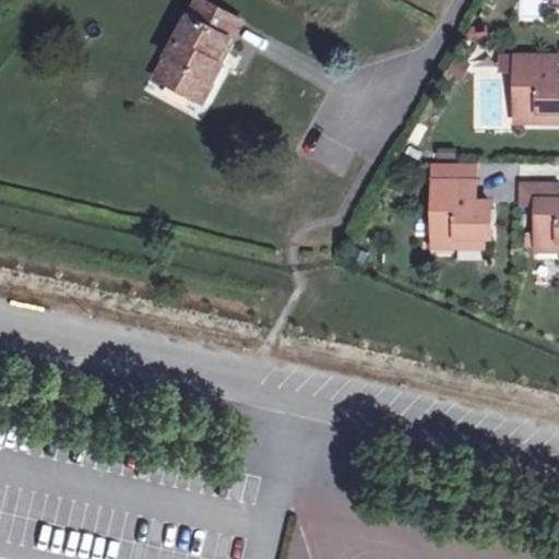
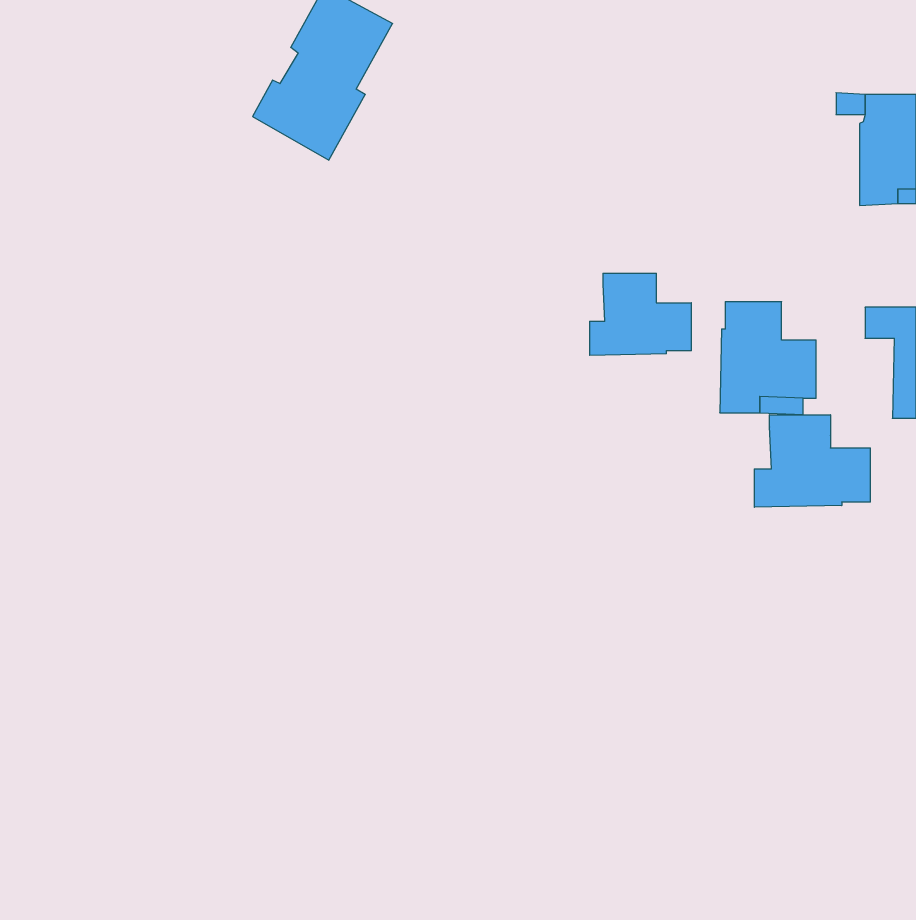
building: none -> [590,273,691,355]
building: none -> [754,415,870,507]

